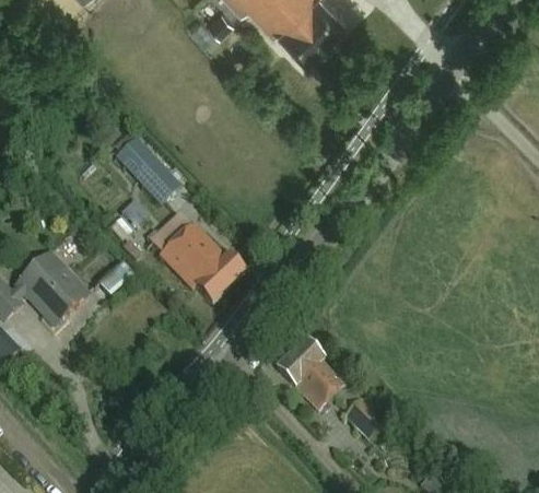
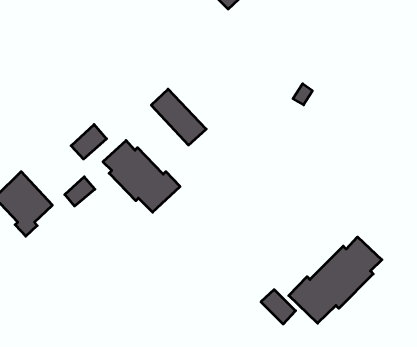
building: [114,134,181,203] -> [151,89,206,145]
building: none -> [289,237,382,323]
building: [274,336,344,409] -> none

